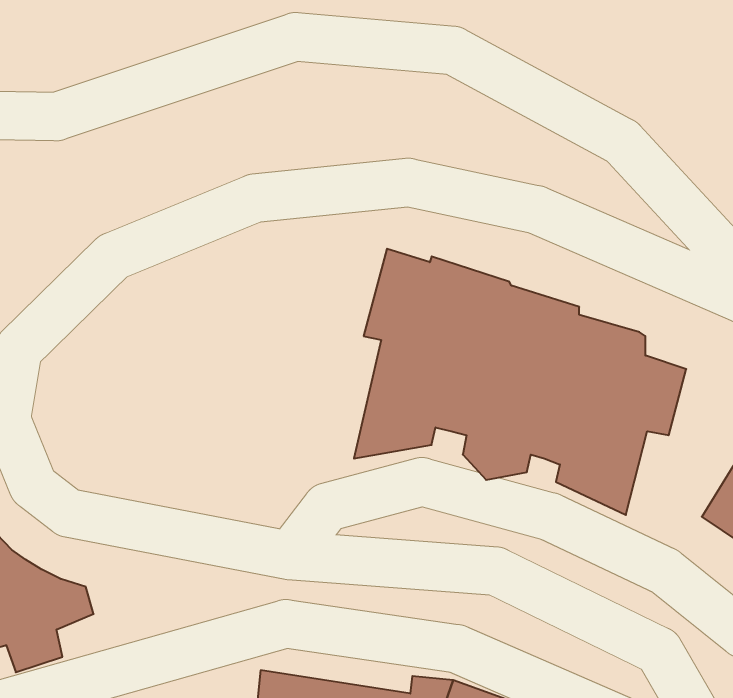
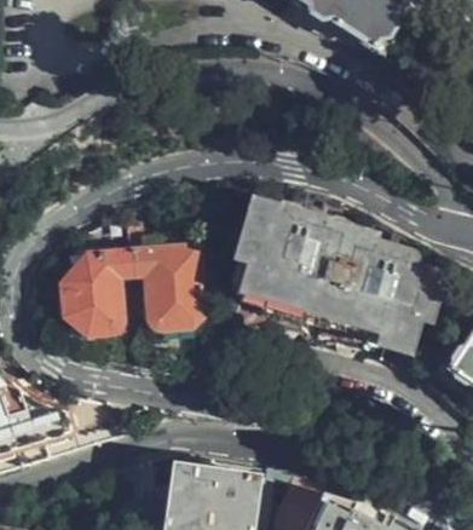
building: none -> [59,247,202,335]

